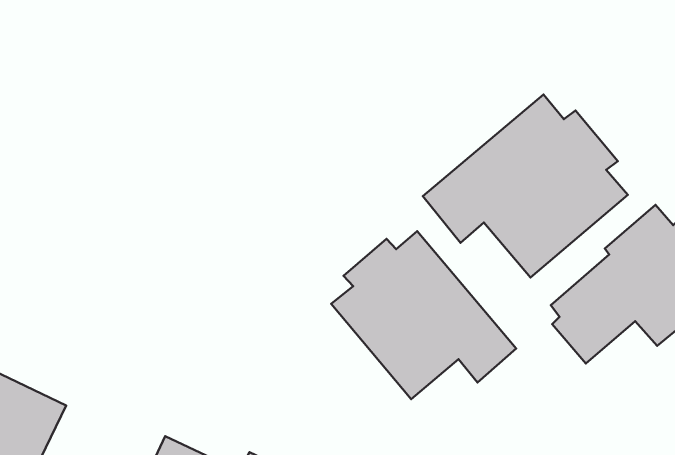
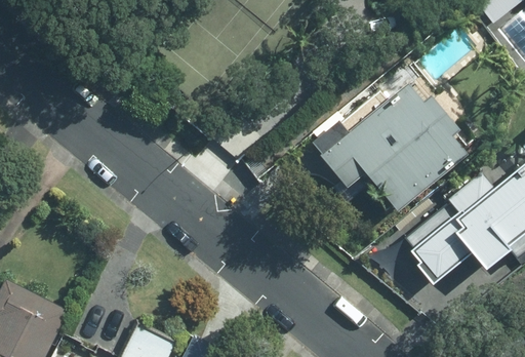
building: [331,231,516,399] -> none

